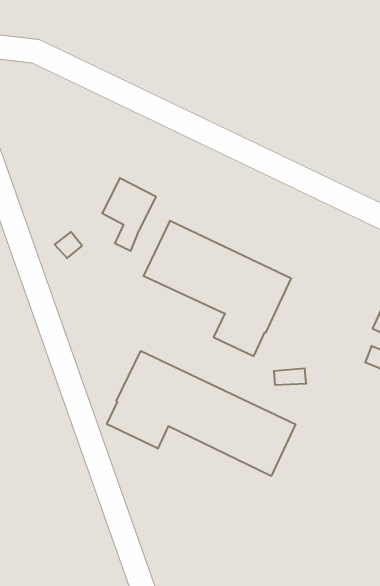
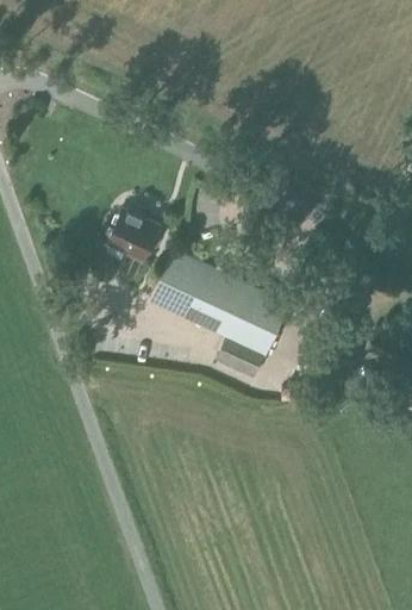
building: [107,351,295,476] -> none

